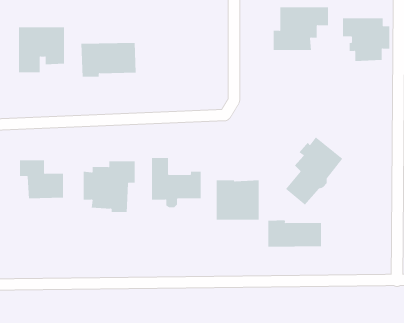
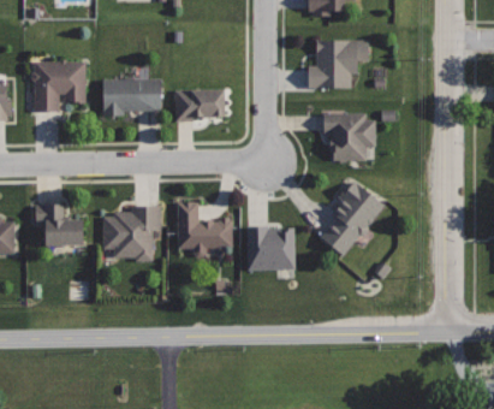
building: [342,18,390,61] -> [322,113,374,160]
building: none -> [174,90,225,121]
building: [268,220,322,247] -> none

